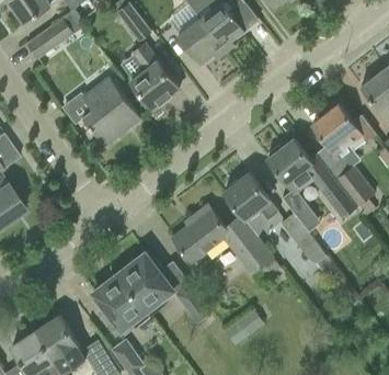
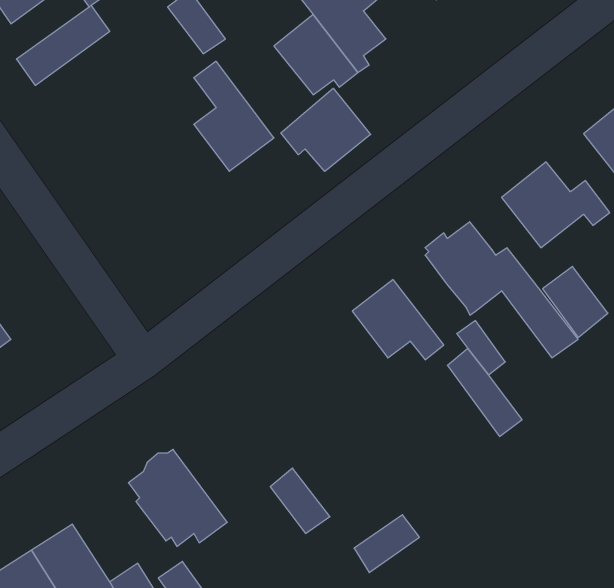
building: none -> [281,88,371,171]
building: [73,77,141,146] -> none
building: [173,205,273,274] -> none
building: [119,253,173,316] -> none

